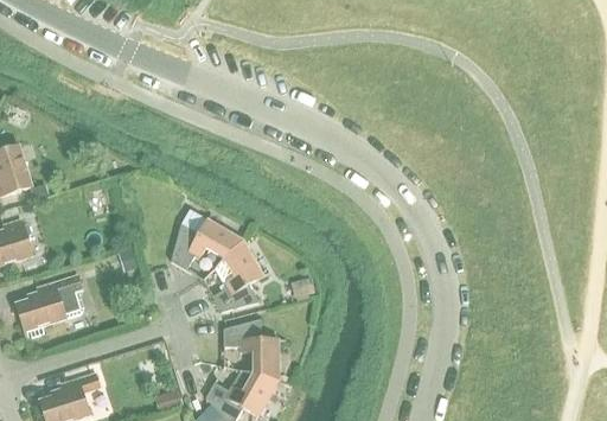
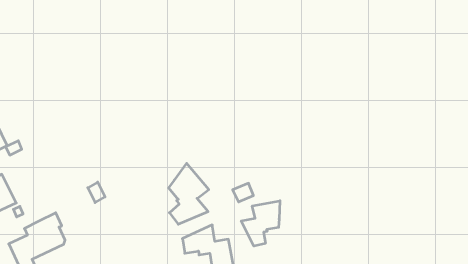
building: [170,208,241,269] -> none
building: none -> [241,201,280,246]

